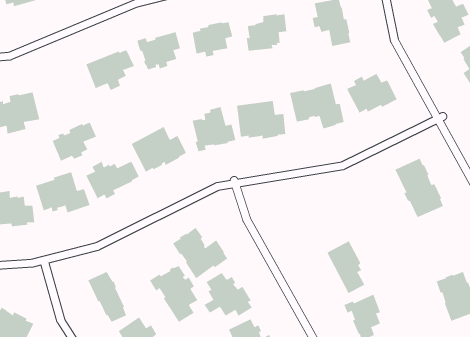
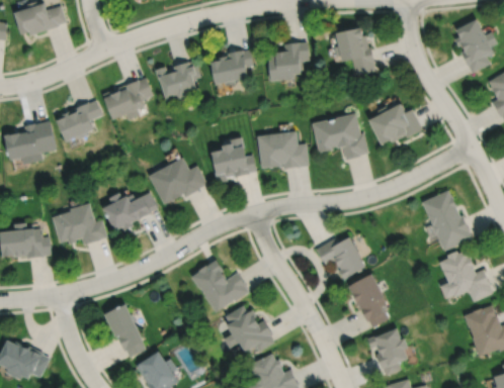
building: [52,122,97,161] -> [56,100,102,140]
building: none -> [316,236,366,280]
building: none -> [437,250,492,302]
building: [149,265,198,323] -> none

